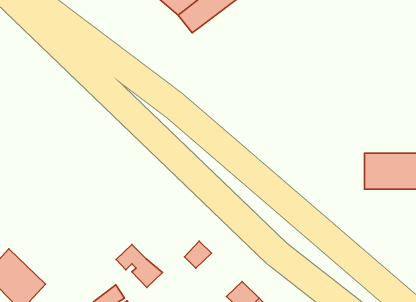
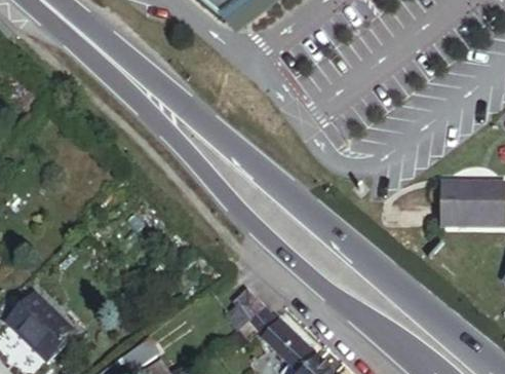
building: [116,244,163,288] -> [243,301,298,351]

